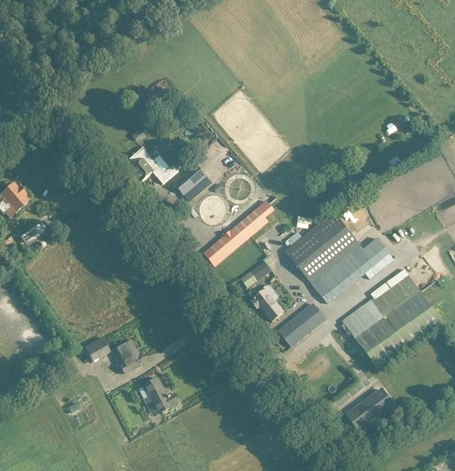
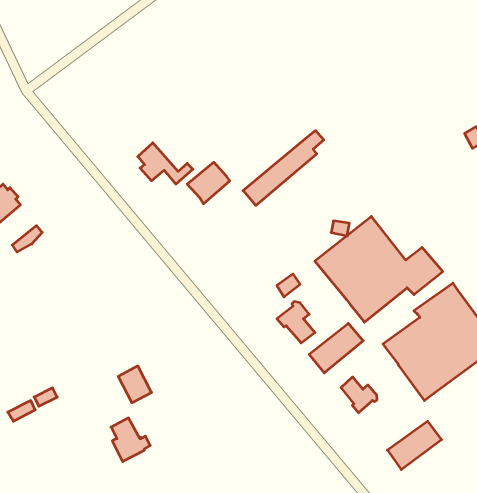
building: [203,200,273,265] -> [243,131,324,205]
building: [83,335,109,360] -> none
building: none -> [341,377,377,413]
building: [141,377,175,415] -> [111,418,150,462]

